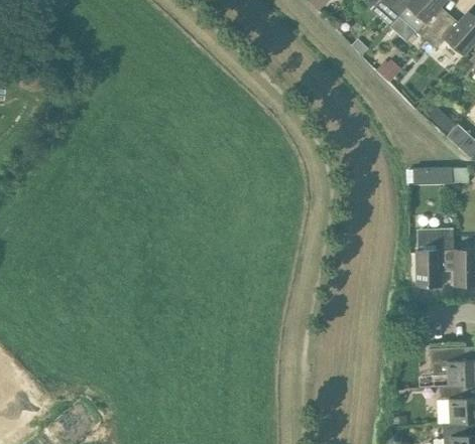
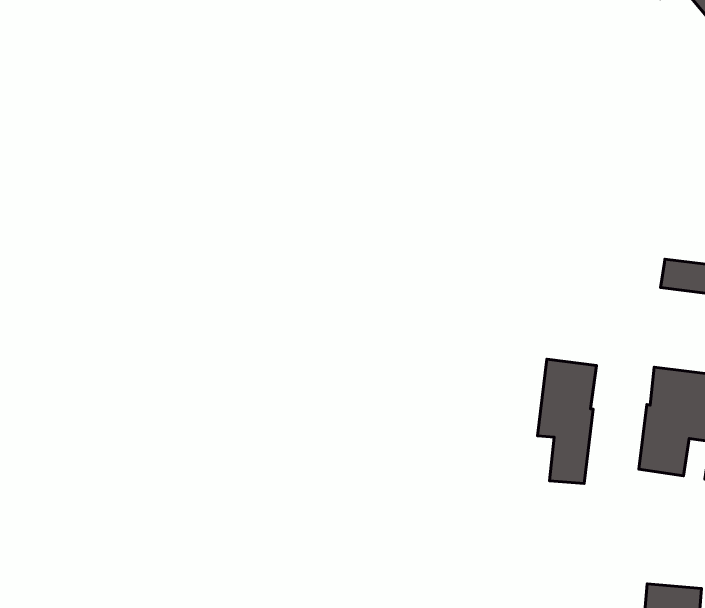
building: none -> [538,359,596,484]

